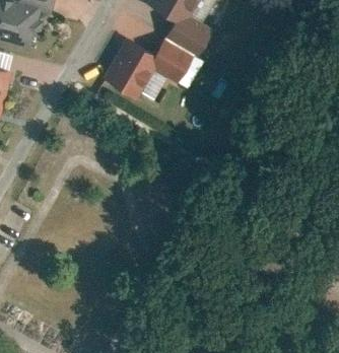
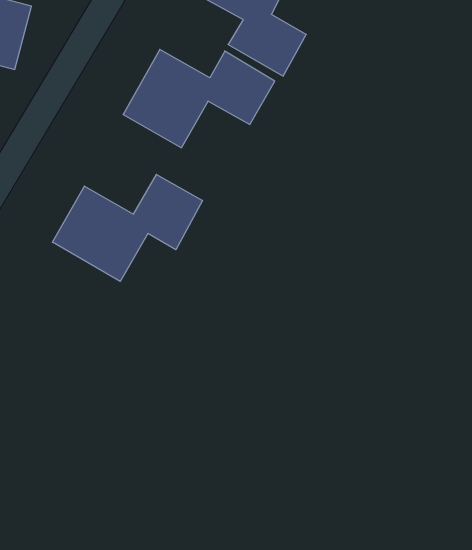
building: none -> [52,174,202,281]

